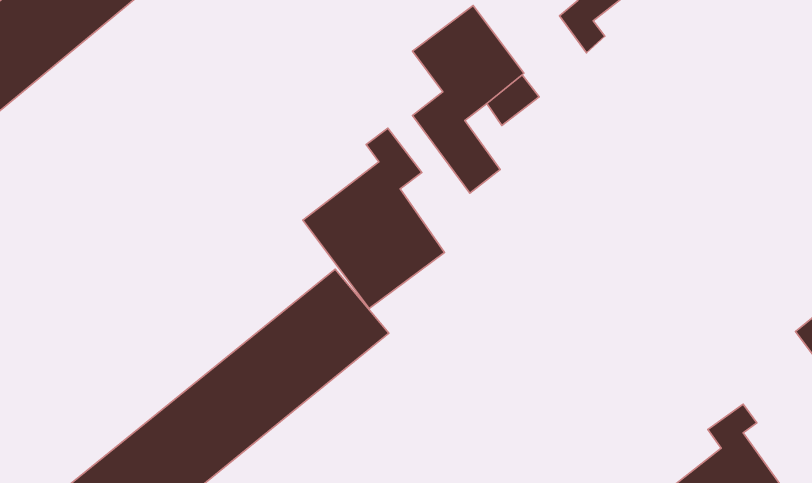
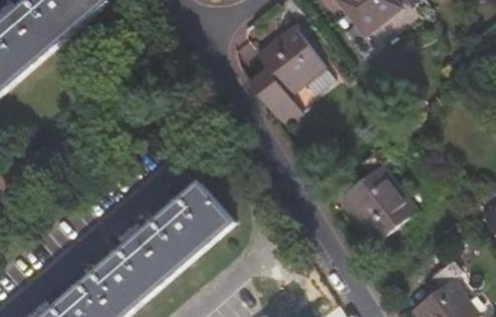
building: [303,128,445,309] -> none
building: none -> [337,145,414,243]

